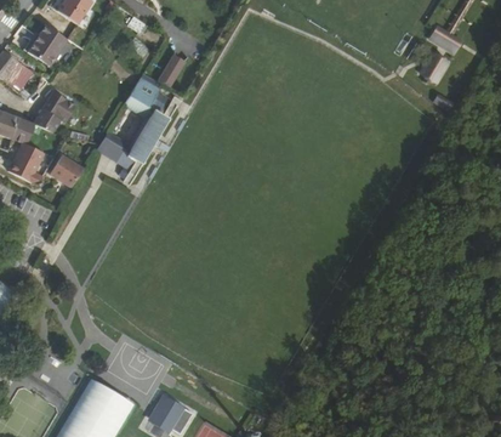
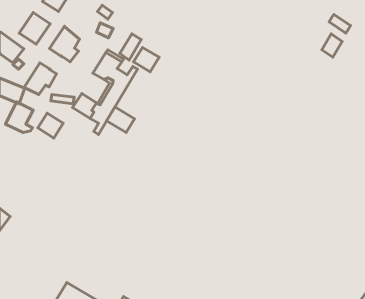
building: none -> [49,26,80,62]
building: none -> [134,47,159,72]
building: none -> [107,107,134,133]

